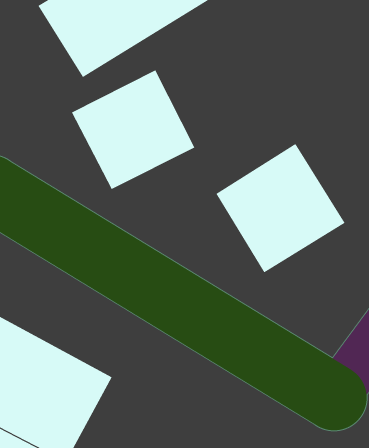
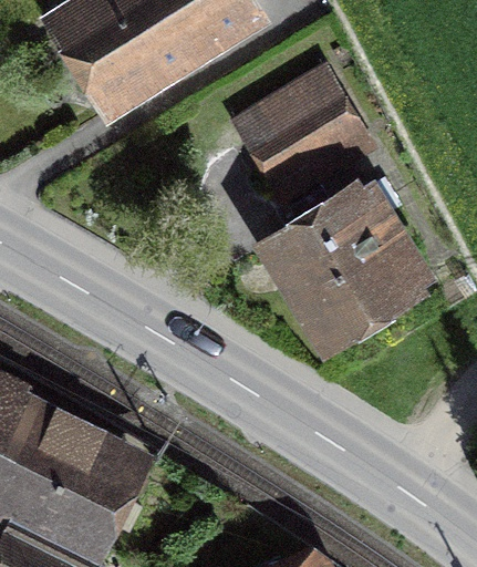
building: none -> [247,73,366,181]
building: [71,69,195,190] -> none

